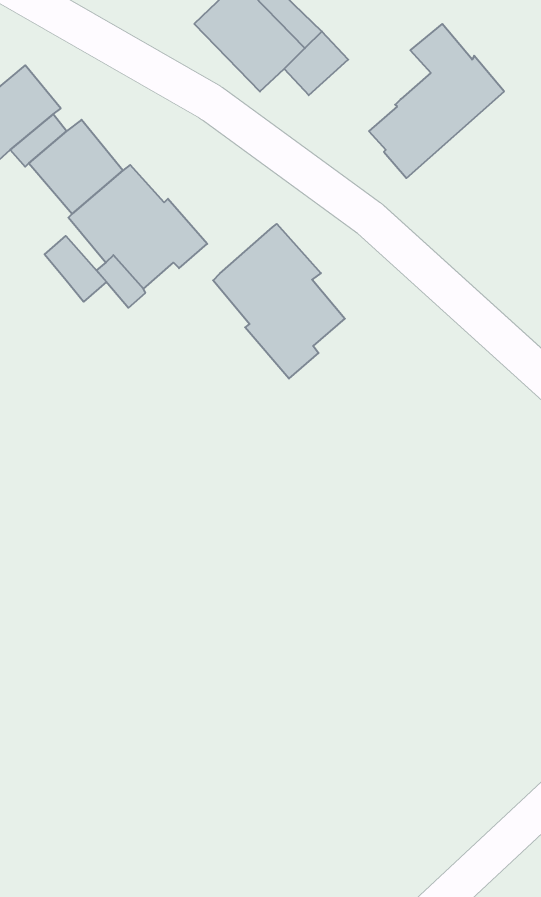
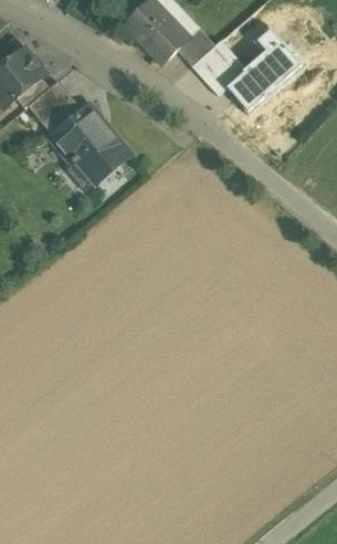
building: none -> [190,39,244,95]
building: [213,224,345,379] -> none
building: [45,236,106,302] -> none

